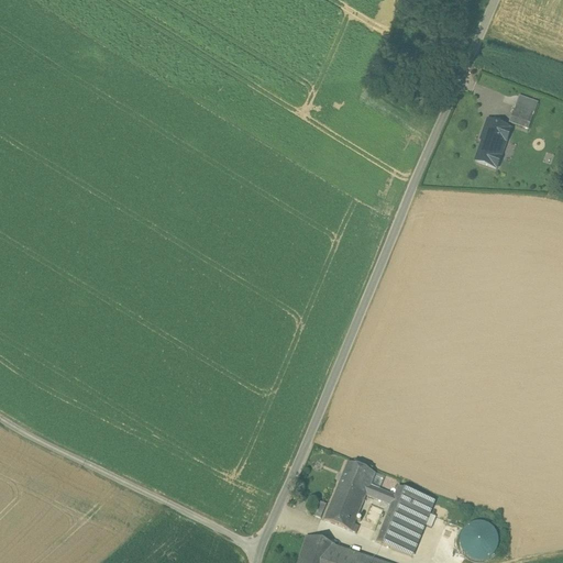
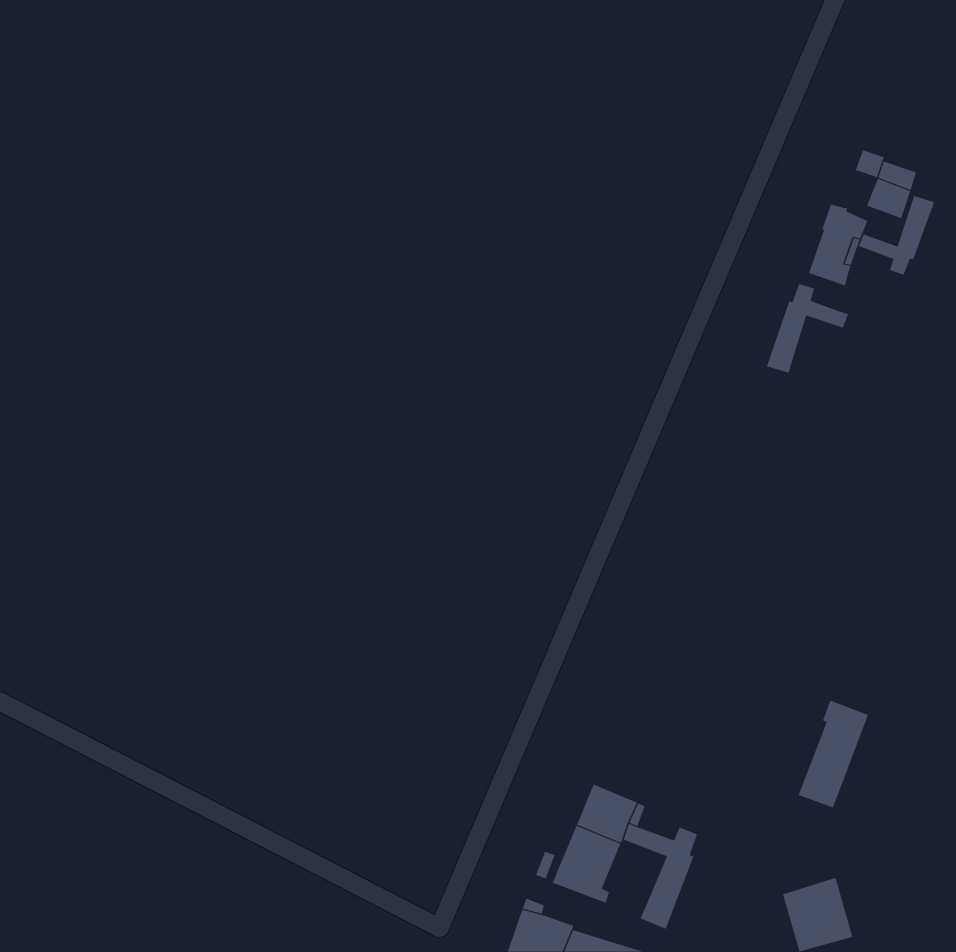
building: none -> [858,195,935,276]
building: none -> [766,283,849,374]
building: [391,490,433,554] -> [798,700,869,808]

